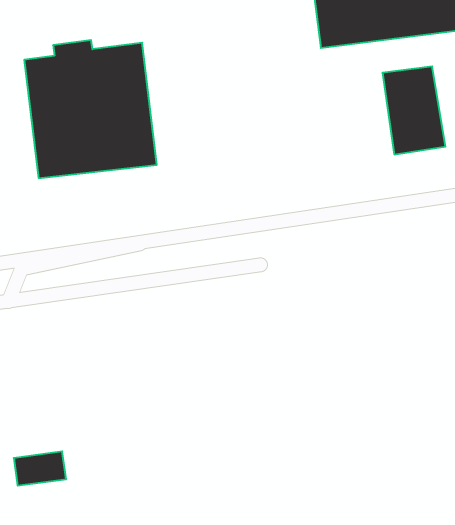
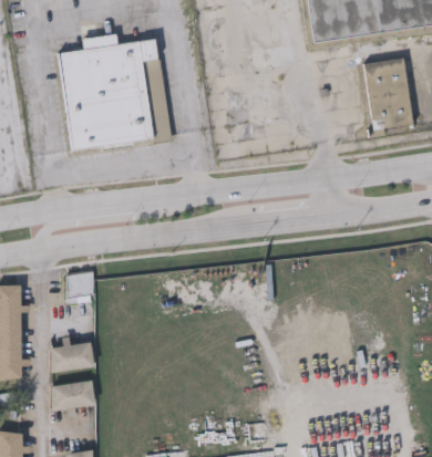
building: none -> [64,273,91,298]
building: none -> [48,339,92,372]

